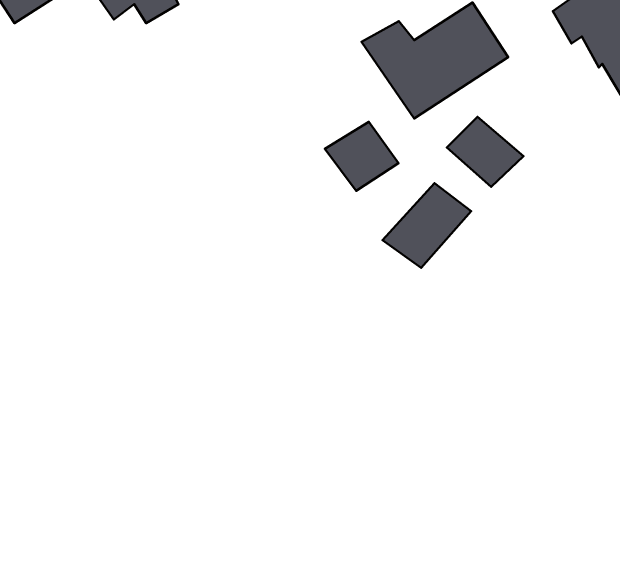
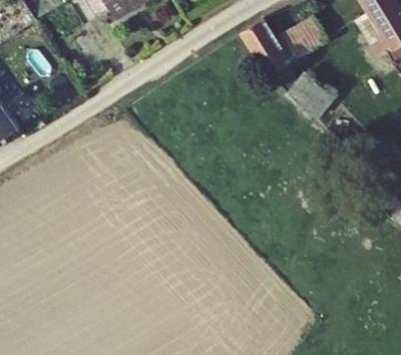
building: [325,122,399,191] -> none
building: [382,183,471,268] -> none

